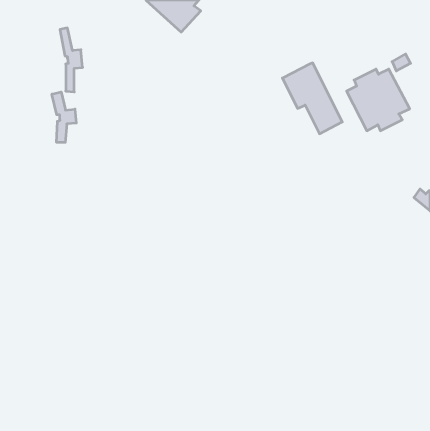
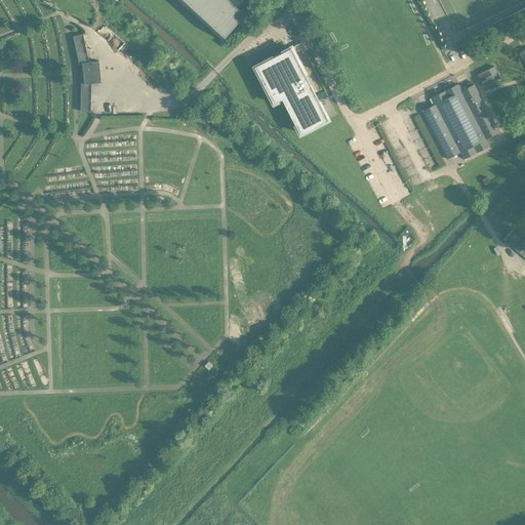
building: [282,63,342,134] -> [254,47,327,133]
building: [52,92,76,142] -> none

